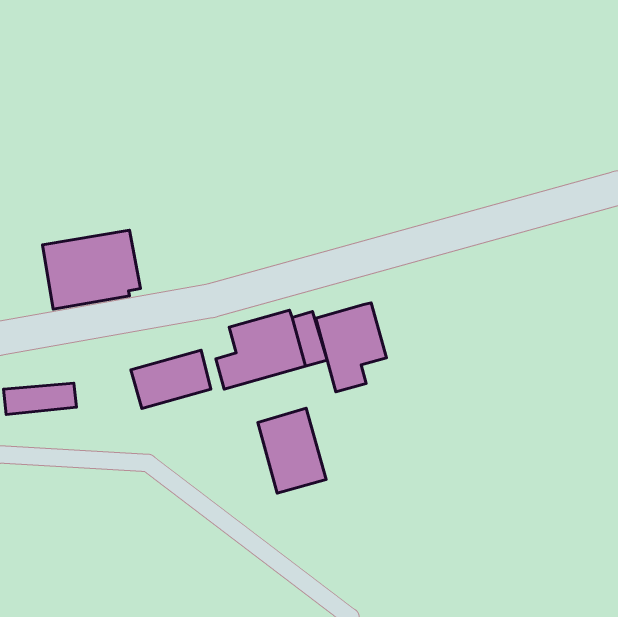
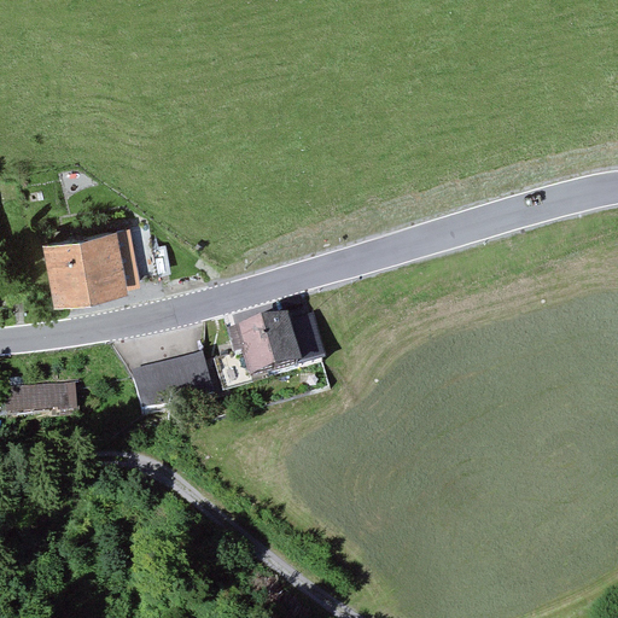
building: [316,303,387,392] -> none
building: [258,408,326,493] -> none

